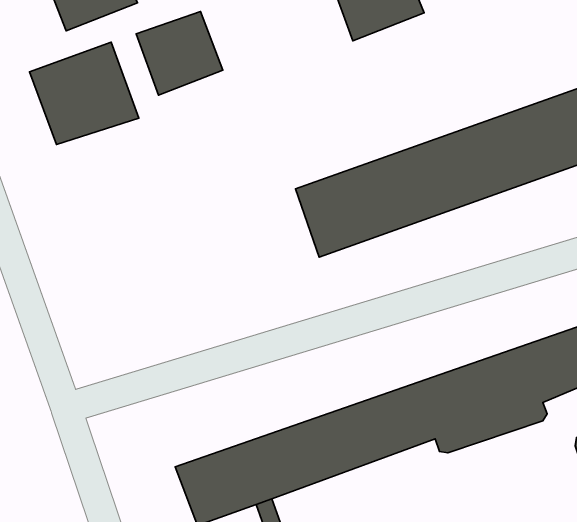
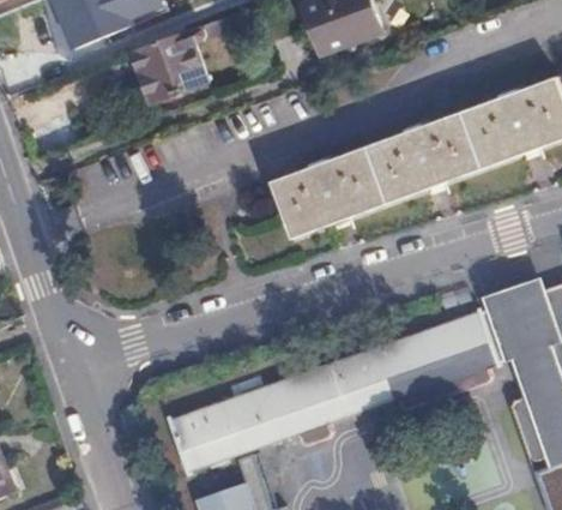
building: [30,42,139,145] -> none

